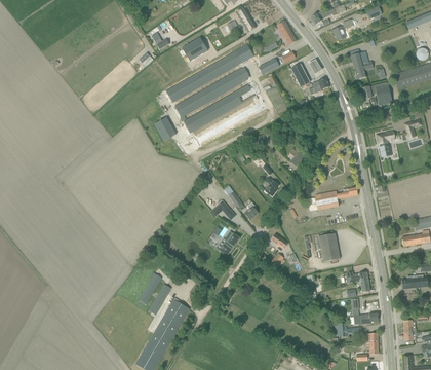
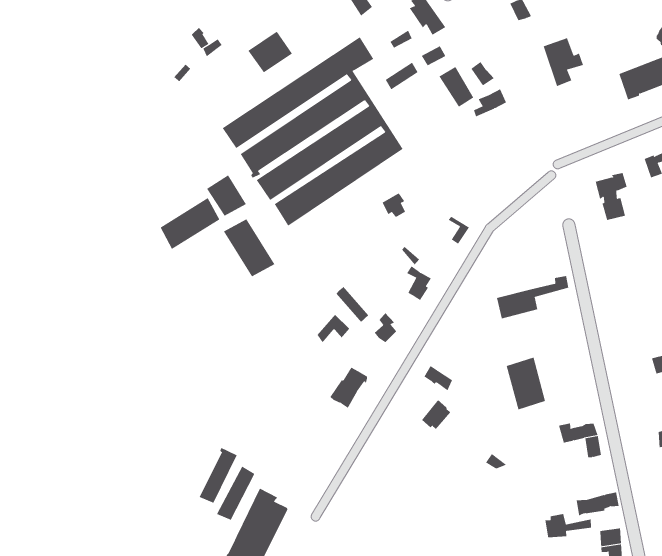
building: [362,81,392,106] -> none
building: none -> [160,197,220,250]
building: none -> [223,218,275,277]

